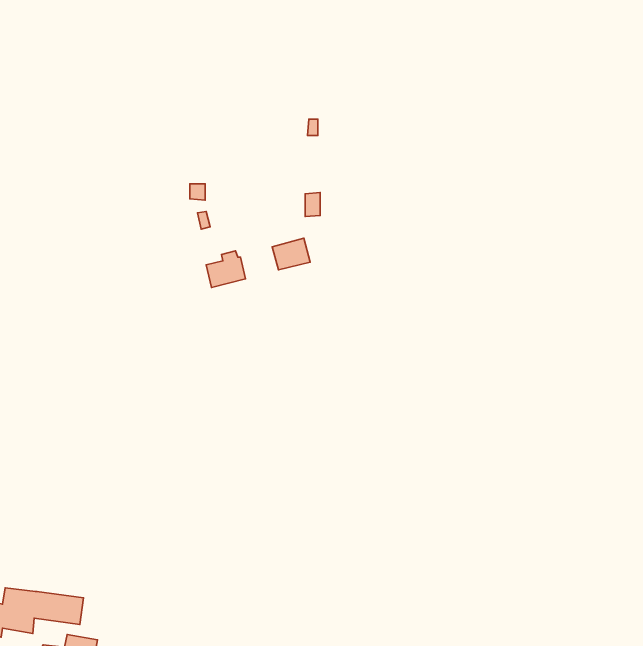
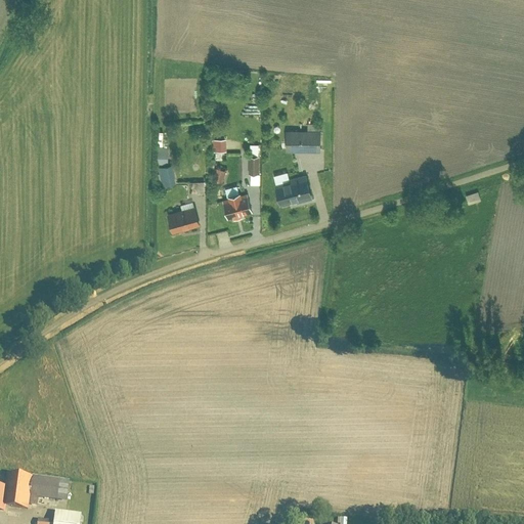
building: none -> [285,131,320,152]
building: none -> [274,176,310,207]

